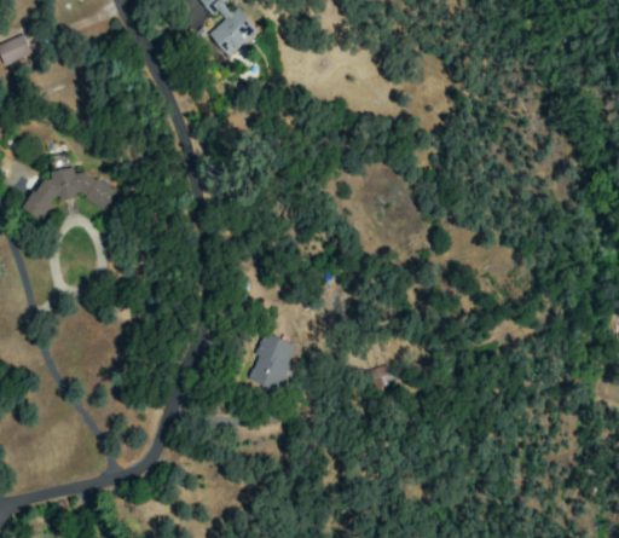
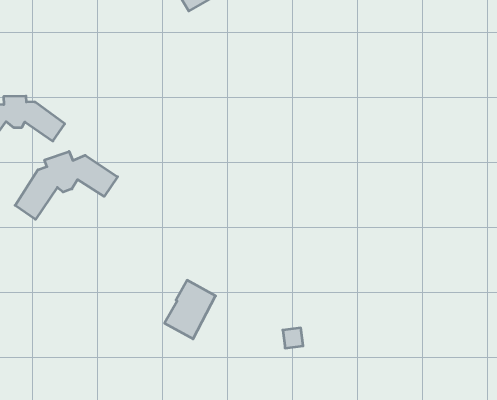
building: none -> [15,151,118,219]

